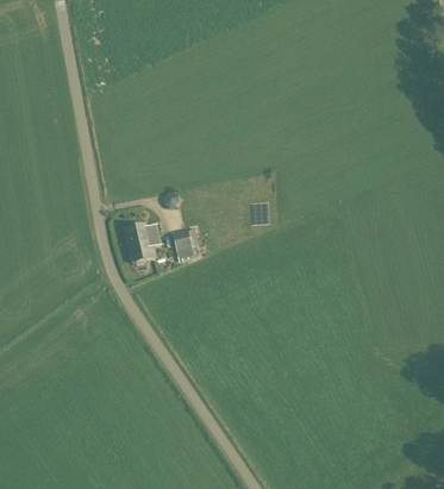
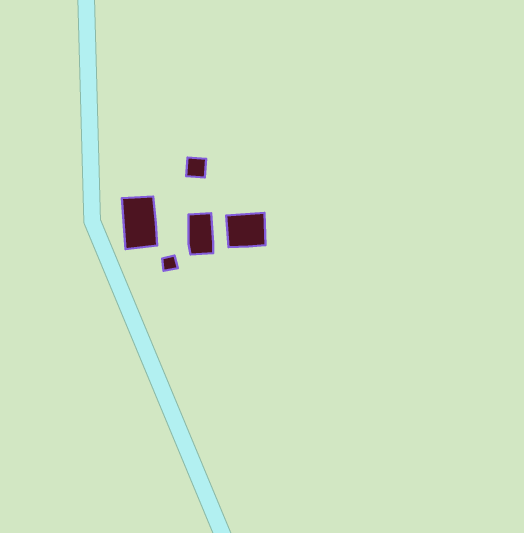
building: none -> [226,213,266,247]

